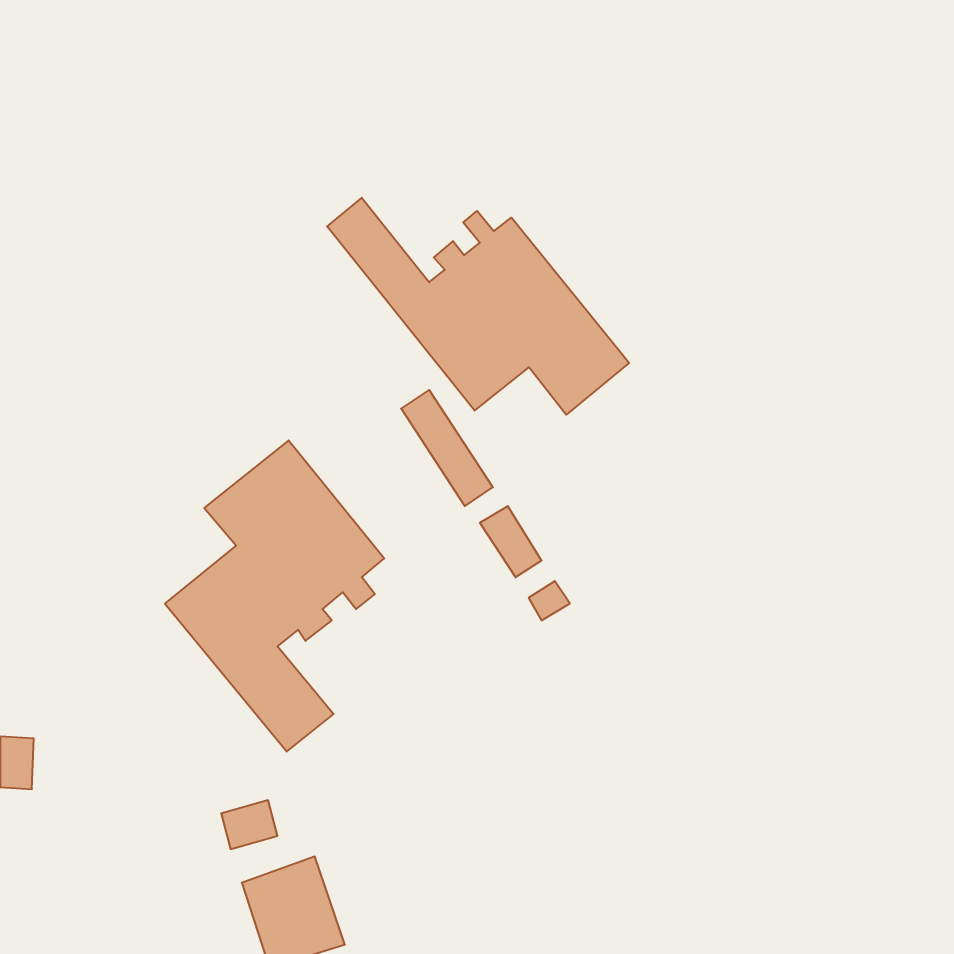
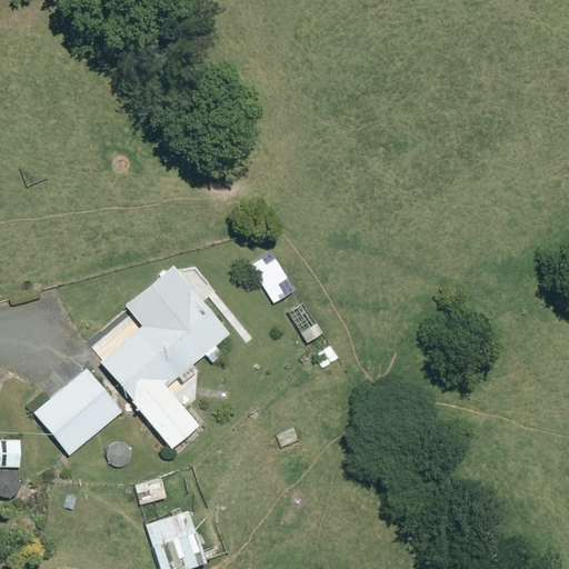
building: [327,198,629,415] -> none
building: none -> [32,368,122,455]

